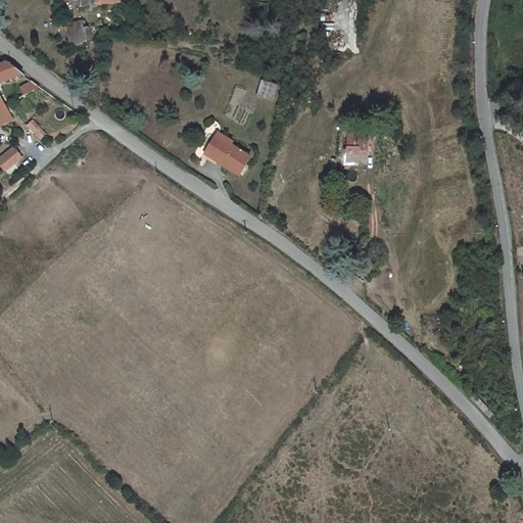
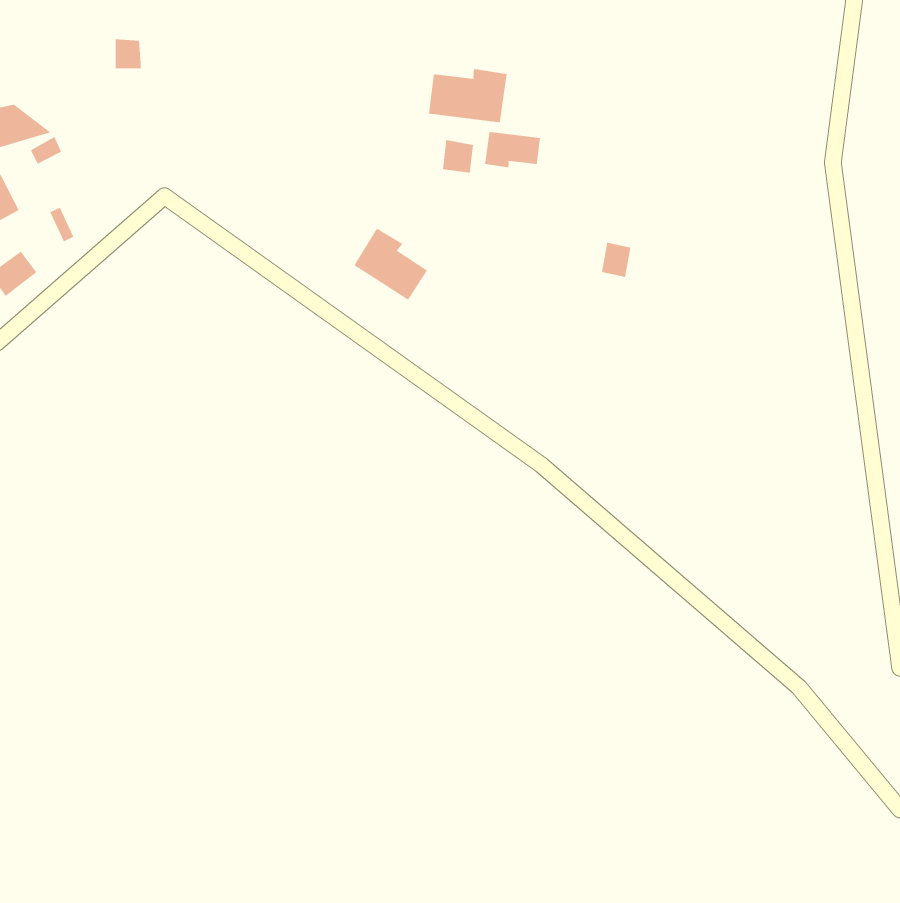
building: none -> [428,68,507,123]
building: none -> [484,131,541,168]

